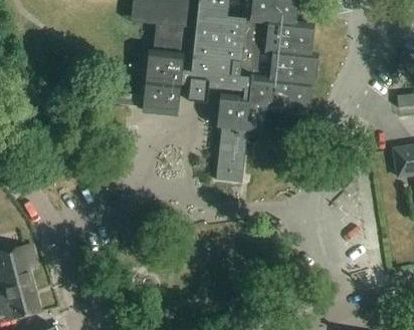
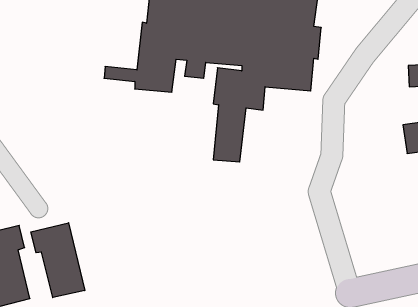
building: none -> [31,223,85,298]

